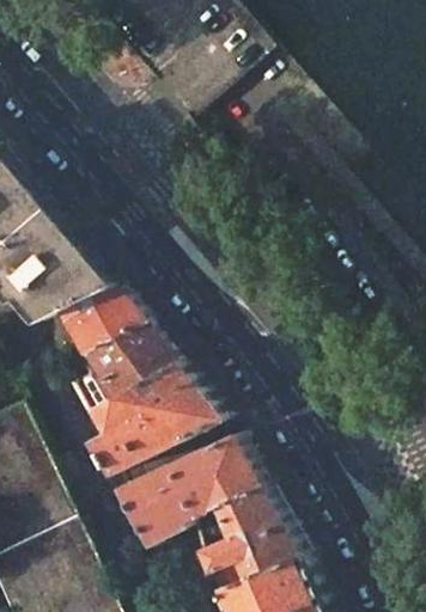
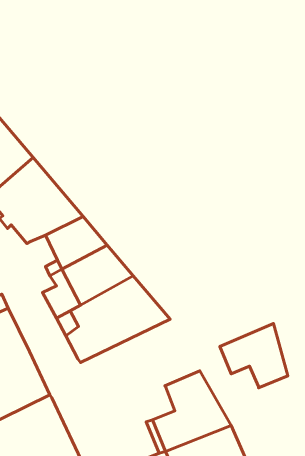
building: none -> [220,324,288,388]
building: [114,436,260,549] -> none

